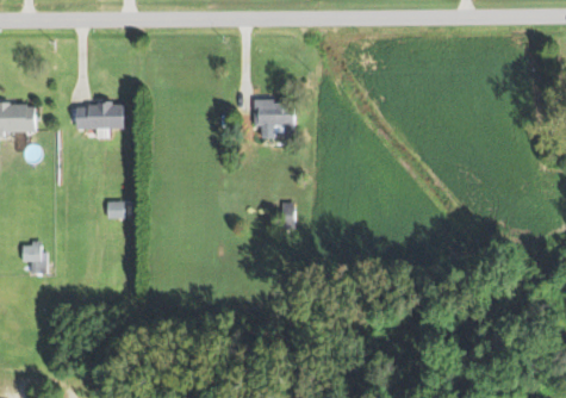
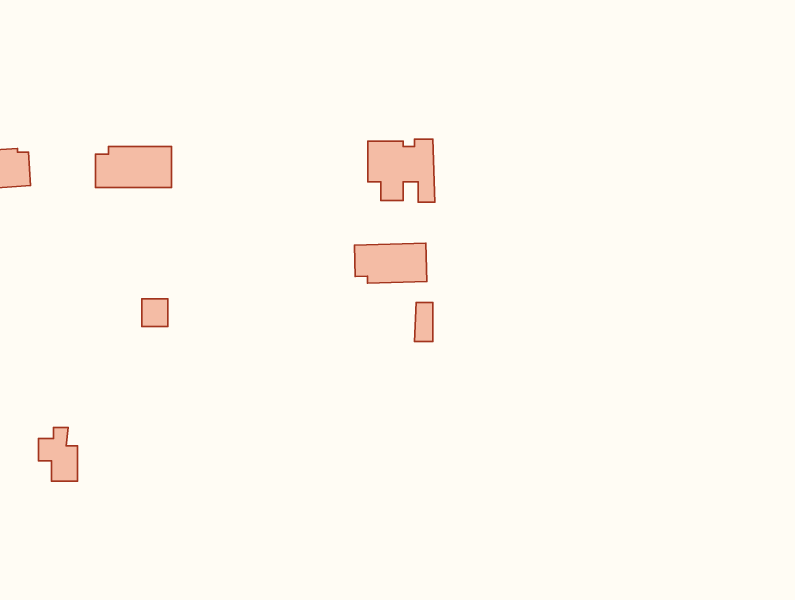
building: none -> [354,243,427,283]
building: [23,241,48,275] -> [39,427,77,481]

